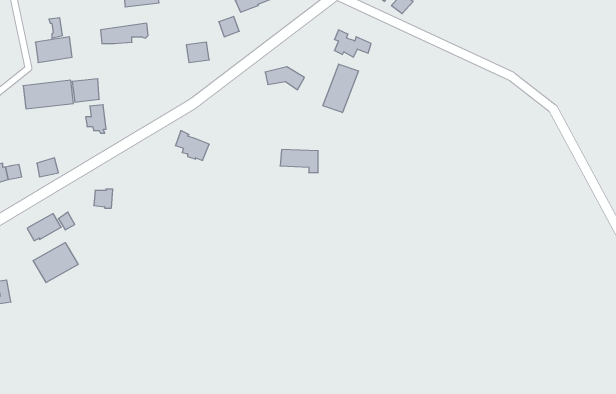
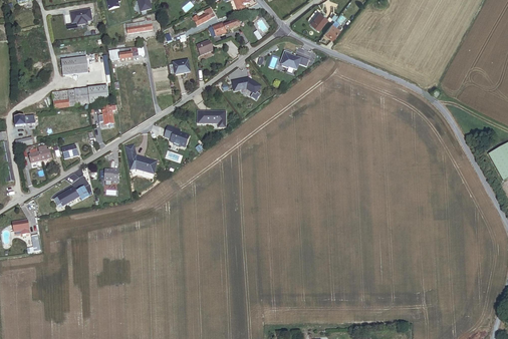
building: [323,64,358,113] -> none
building: [280,150,318,173] -> [197,111,225,128]
building: none -> [125,145,158,174]
building: [33,243,78,283] -> none

